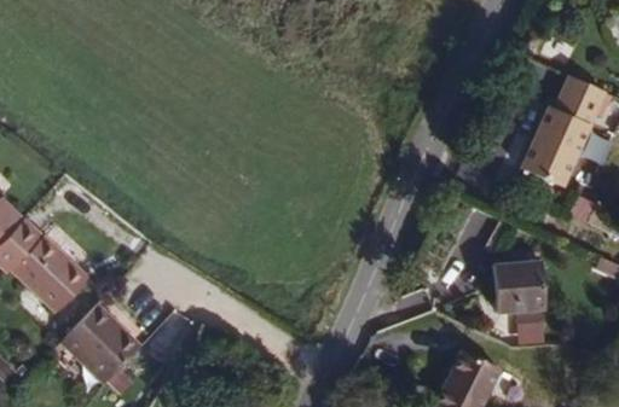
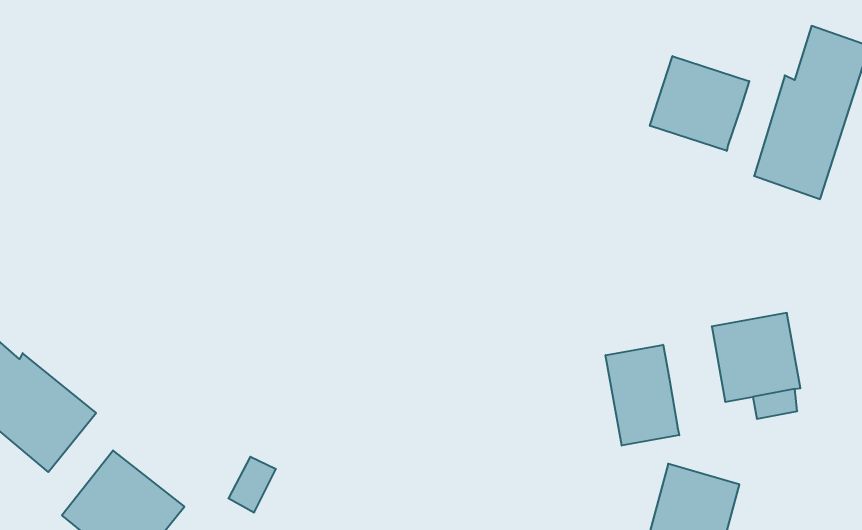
building: none -> [650,56,749,151]
building: none -> [606,345,679,446]

